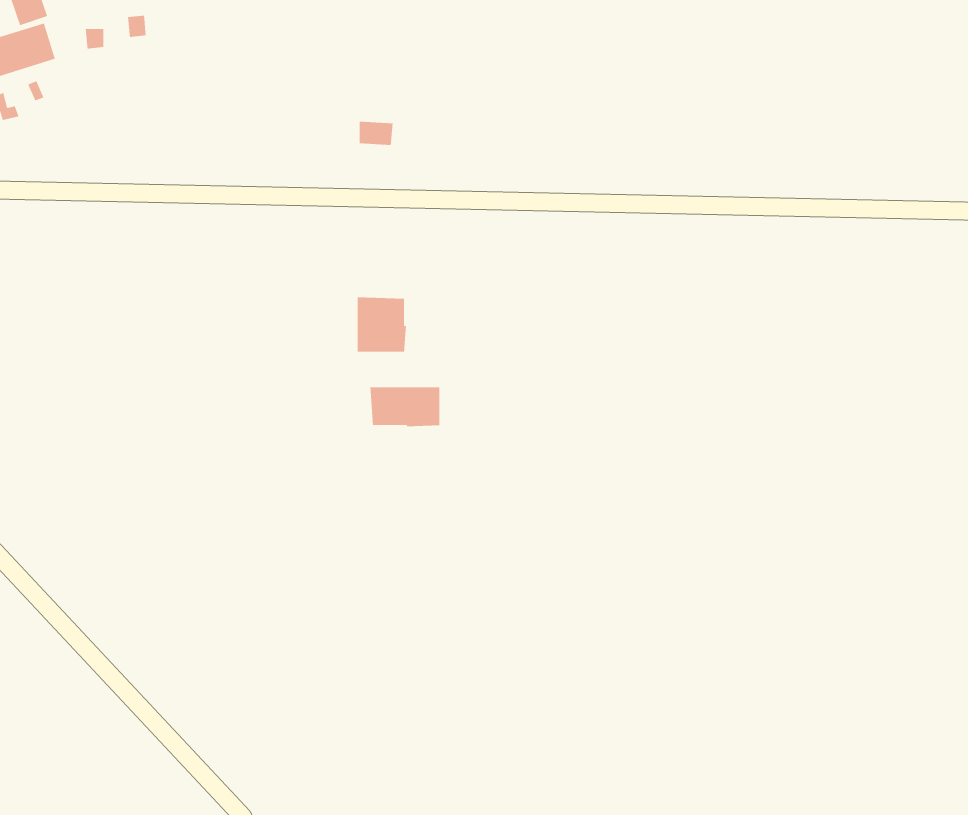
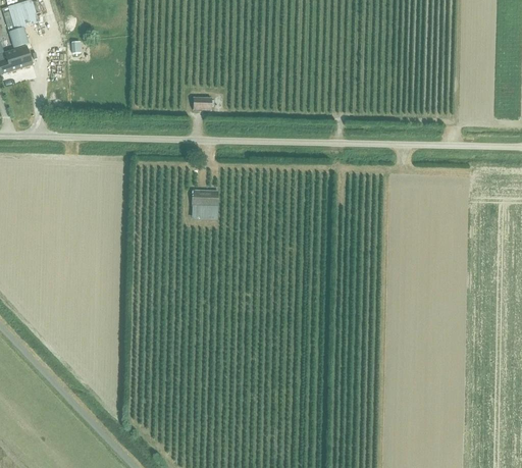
building: [370,386,440,427] -> none

